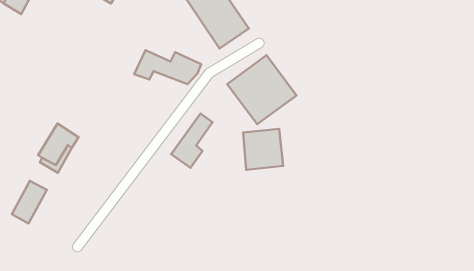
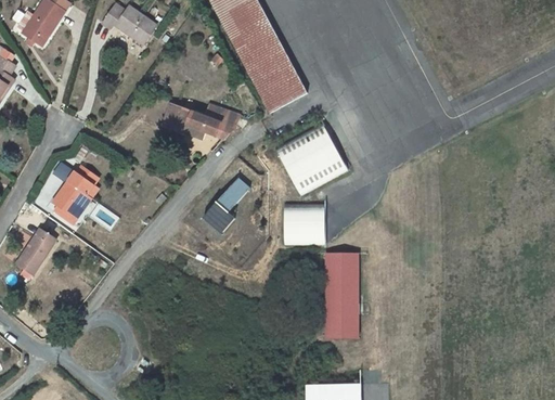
building: none -> [323,253,357,335]

